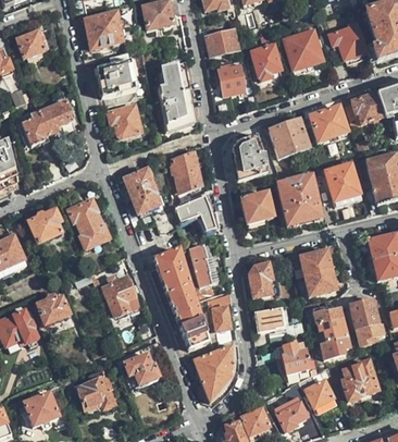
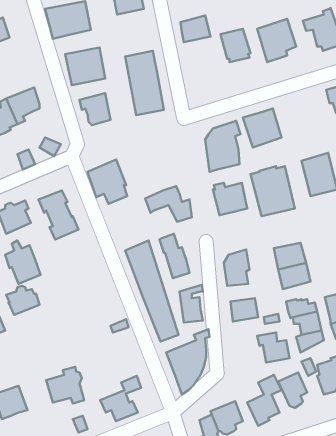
building: [216,60,246,94] -> none
building: [310,106,347,142] -> none
building: [171,152,201,199] -> none
building: [104,273,139,316] -> [5,241,41,284]
building: [124,339,164,383] -> [100,376,141,421]

